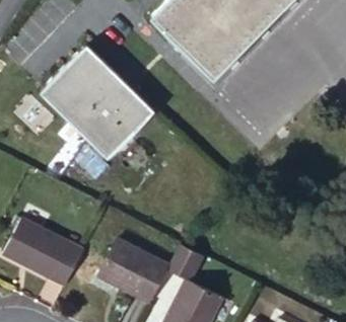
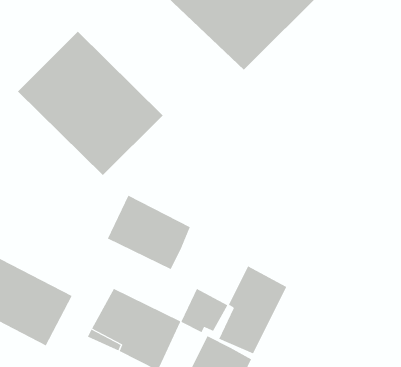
building: none -> [107,195,191,270]
building: none -> [218,265,287,354]

